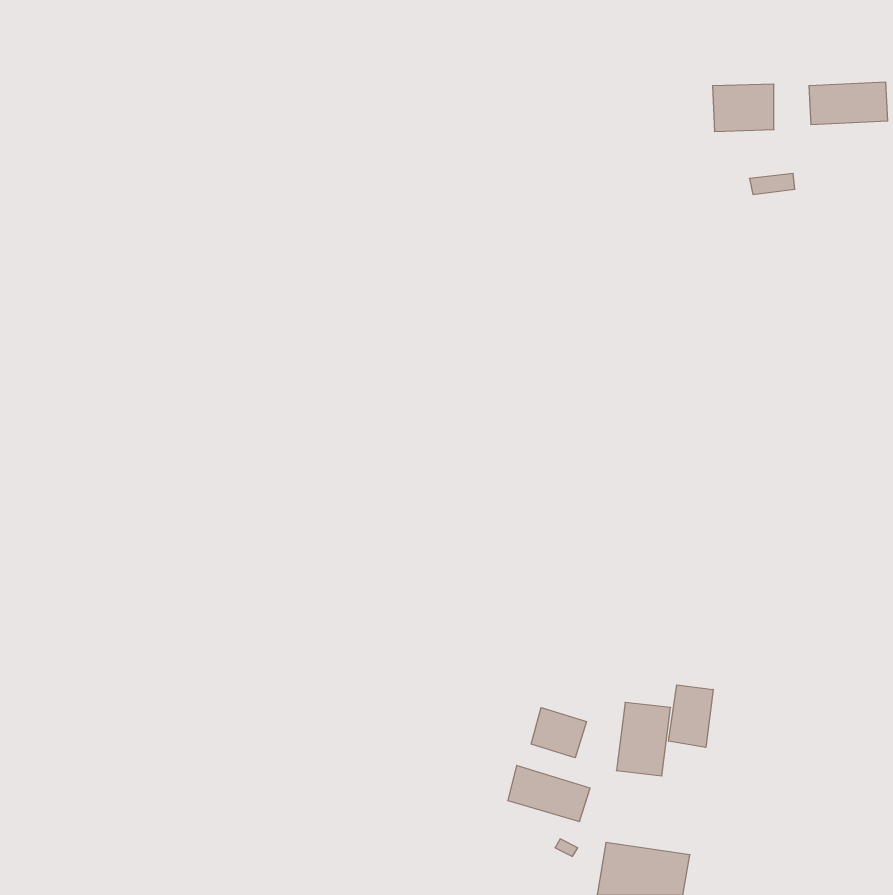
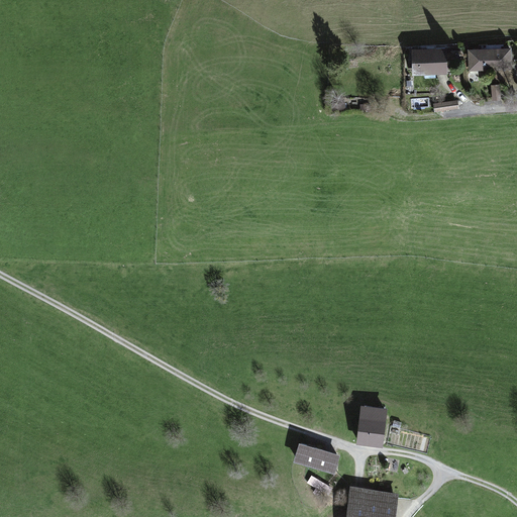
building: [668,685,713,747] -> none
building: [531,708,587,758] -> none

